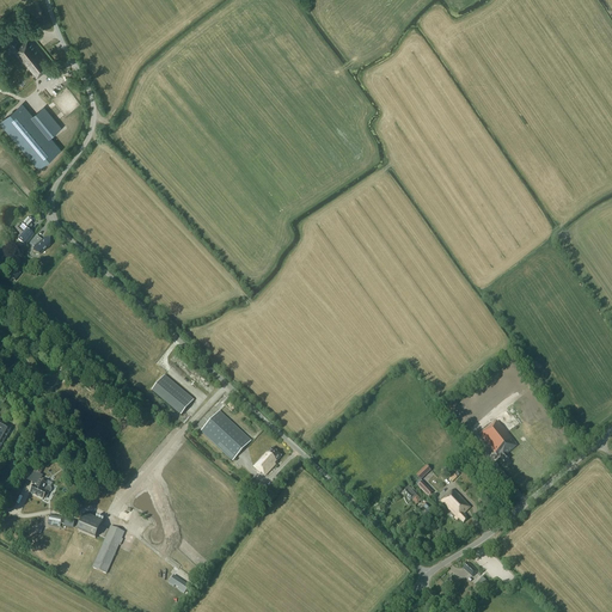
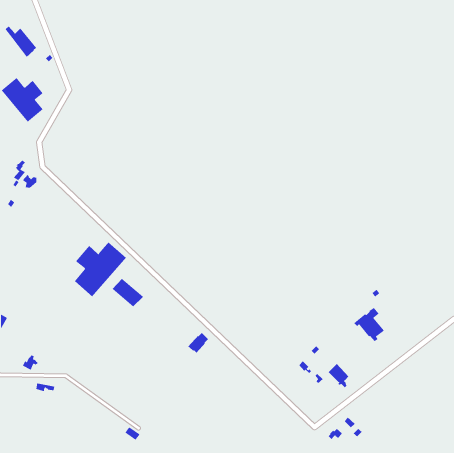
building: none -> [74,242,127,297]
building: [201,411,250,460] -> none
building: [78,513,124,573] -> none

